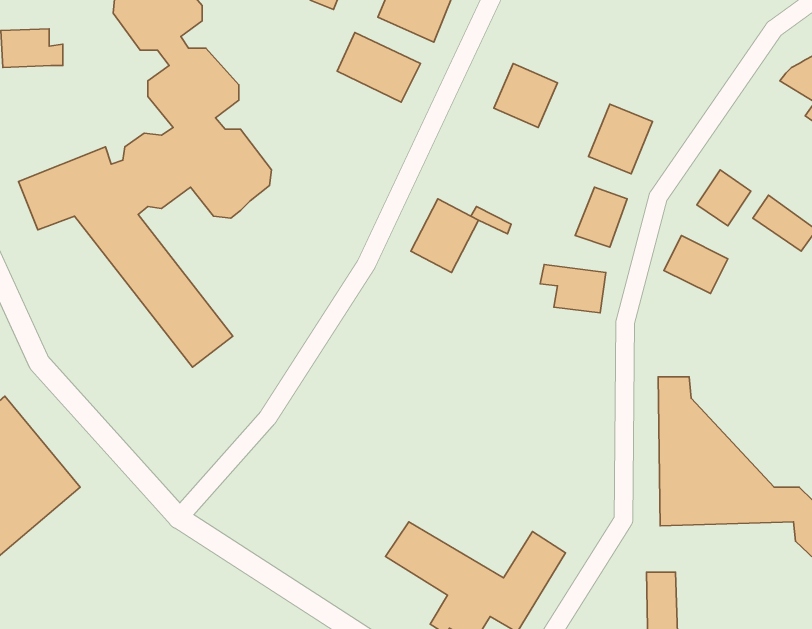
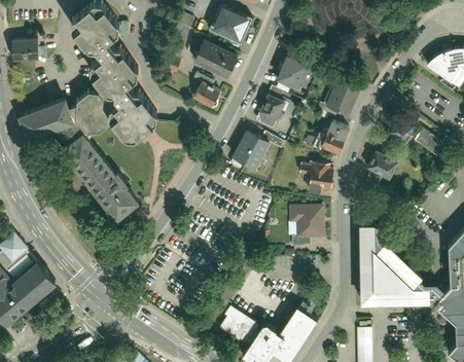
building: none -> [194,83,224,112]
building: none -> [256,94,290,129]
building: none -> [289,206,325,239]

